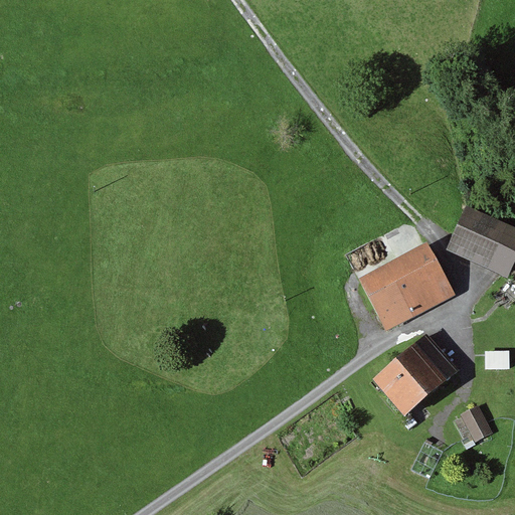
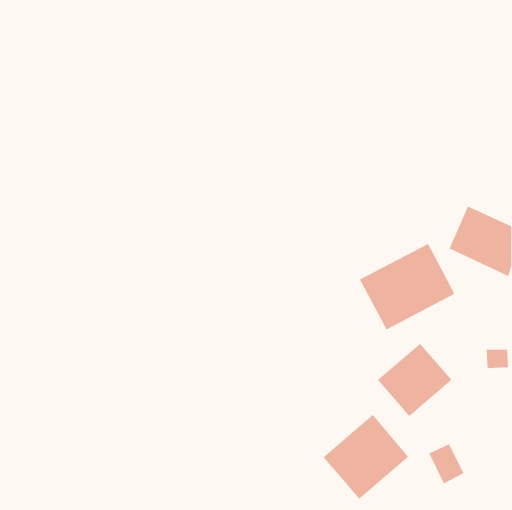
building: [457,401,493,443] -> [428,443,465,484]
building: none -> [322,414,409,500]

